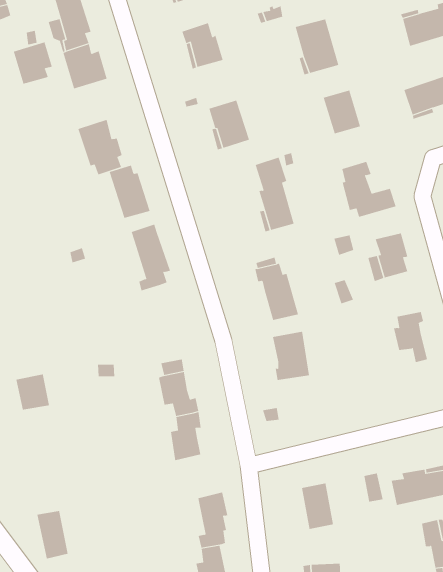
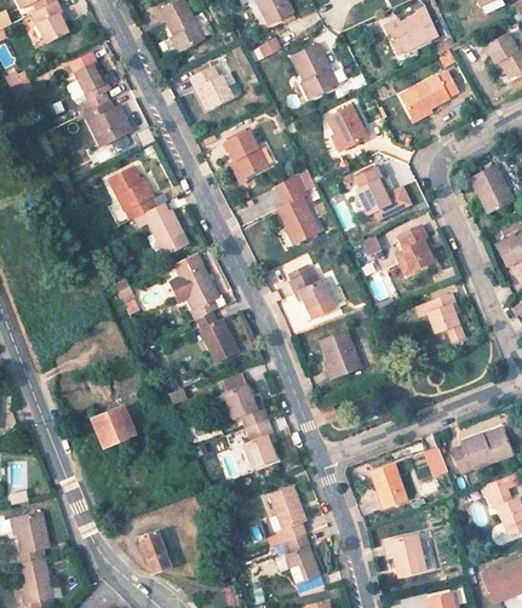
building: [13,42,52,85] -> none
building: none -> [194,310,237,361]

